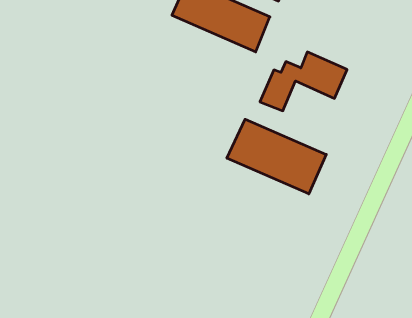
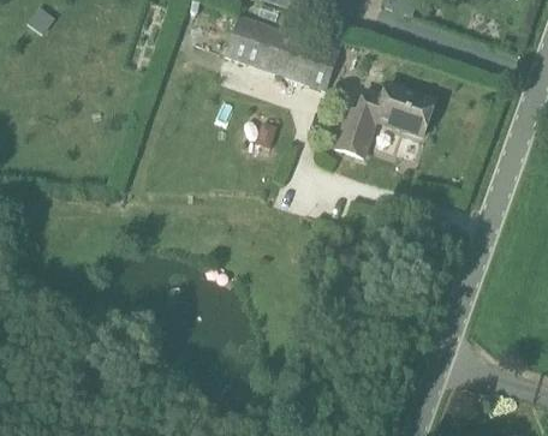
building: [227,119,326,194] -> none

